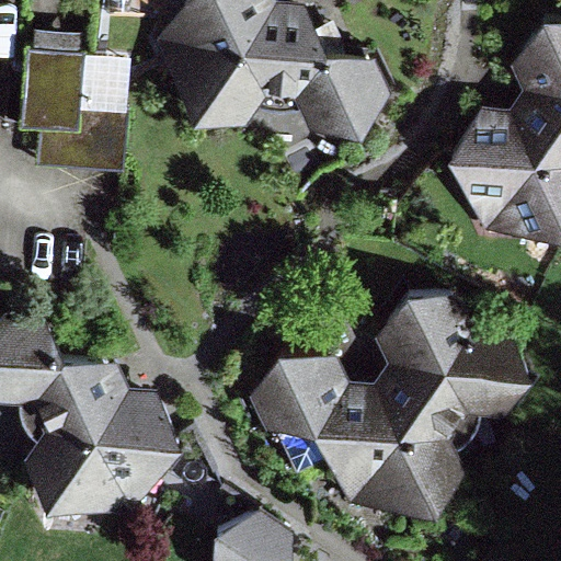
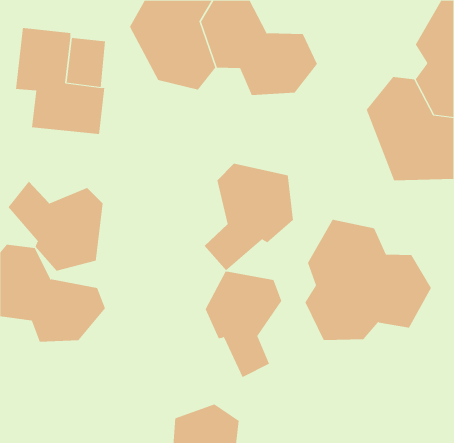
building: none -> [204,163,293,271]
building: none -> [8,181,103,271]
building: [318,386,467,512] -> none
building: [24,393,182,519] -> none

